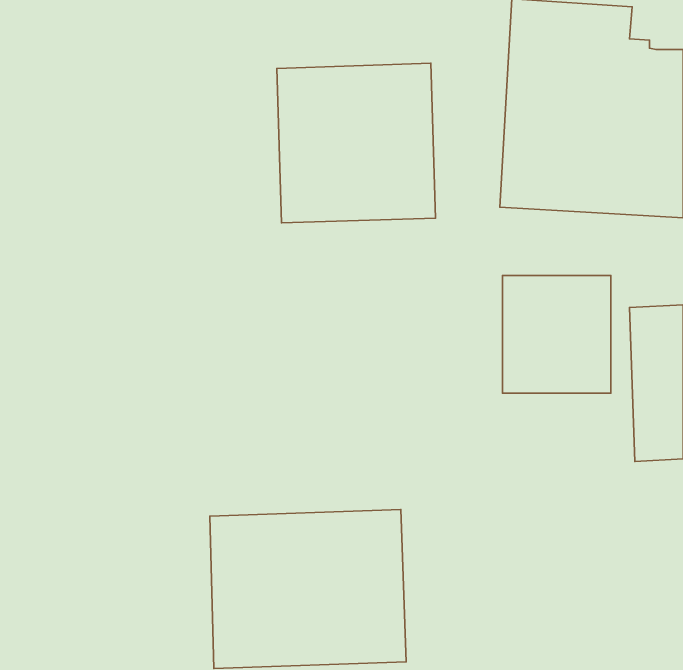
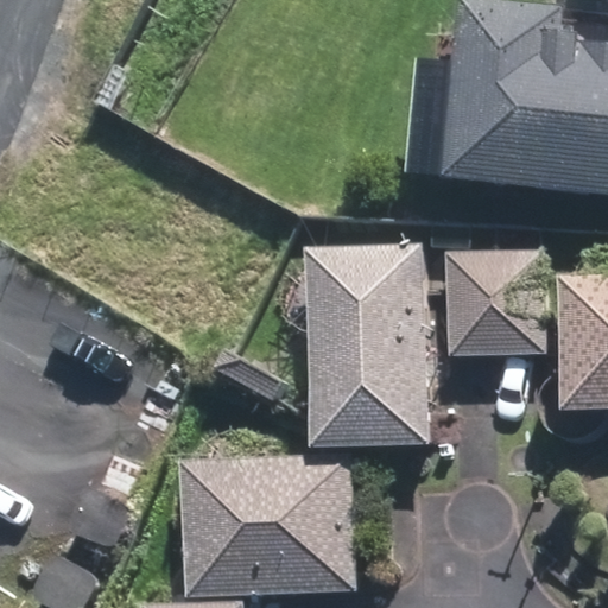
building: [277,63,435,223] -> none
building: none -> [305,243,428,449]

